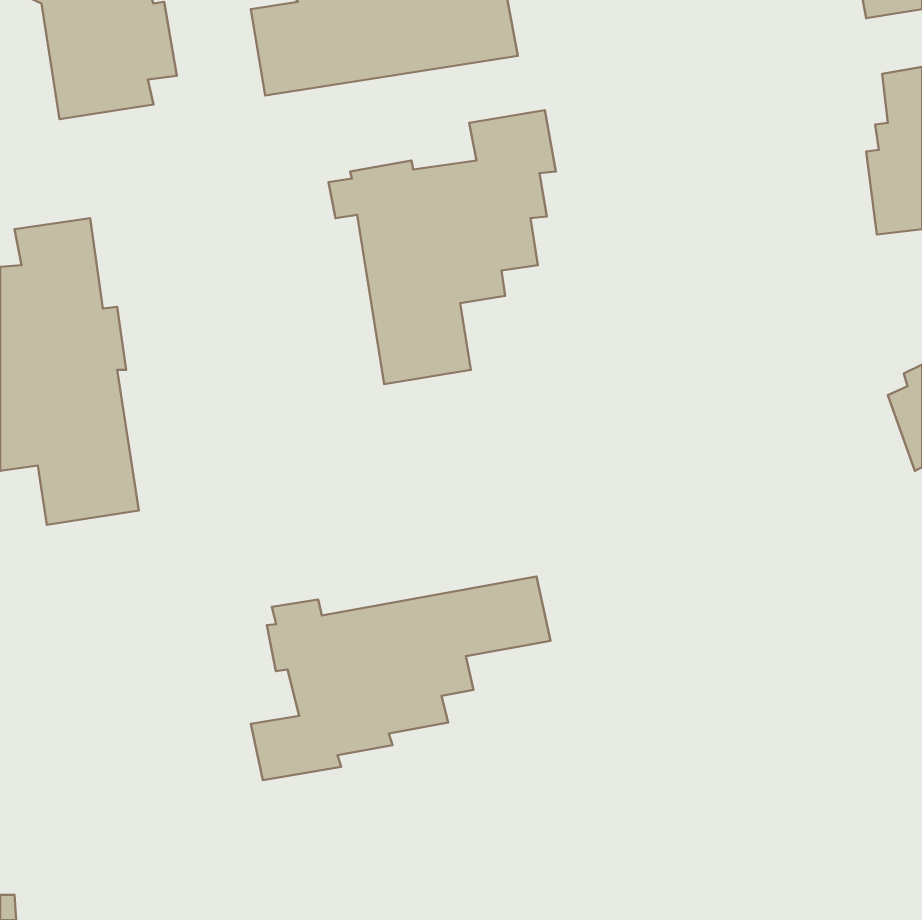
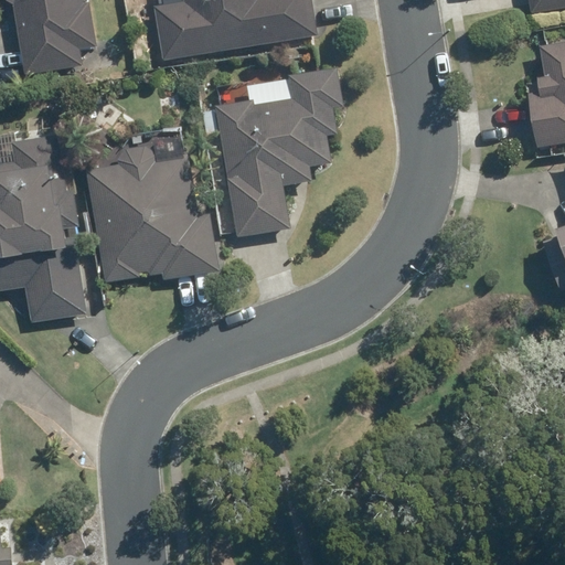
building: none -> [86,146,217,281]
building: [251,576,550,780] -> none

